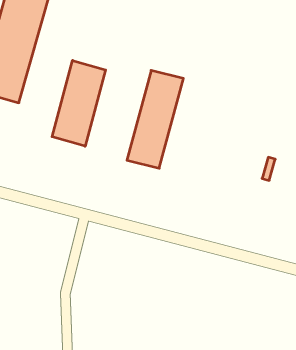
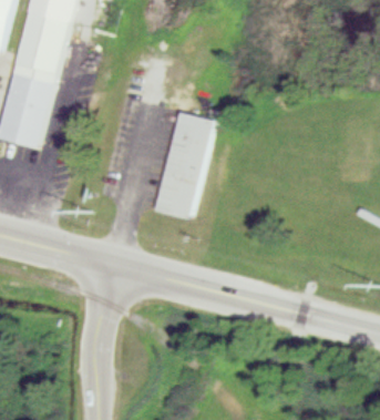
building: [52,60,106,146] -> none

